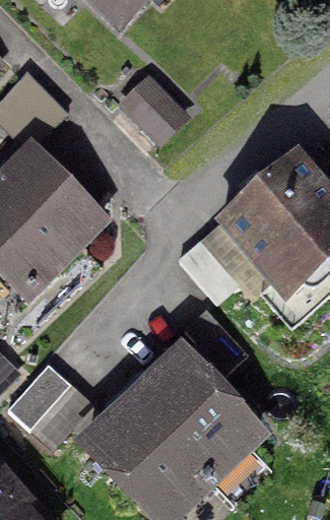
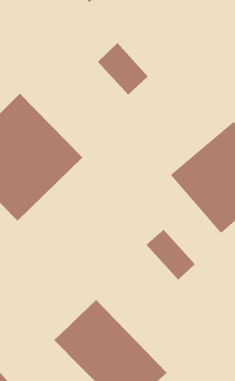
building: [127,342,267,484] -> none
building: [12,365,94,447] -> none

